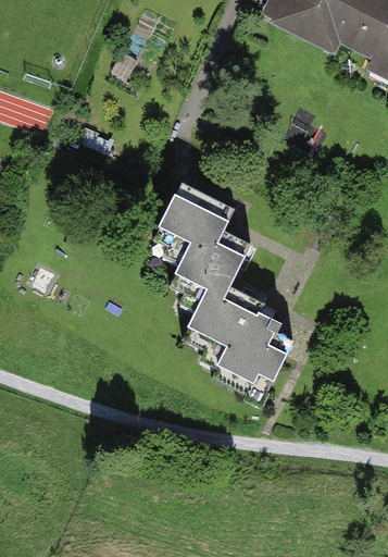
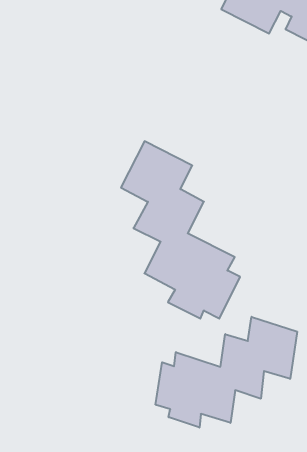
building: none -> [156,317,297,428]

